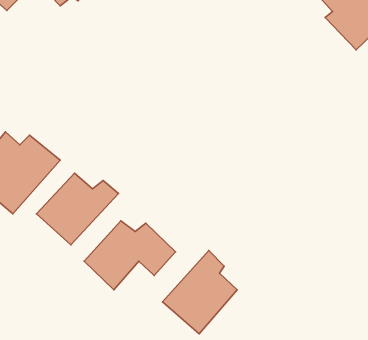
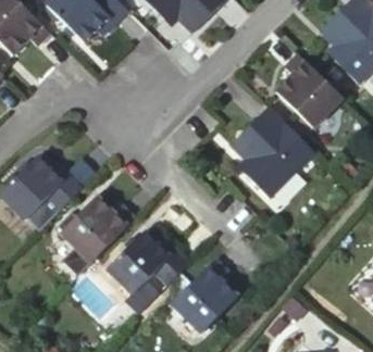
building: none -> [276,54,340,124]
building: none -> [227,109,311,201]

